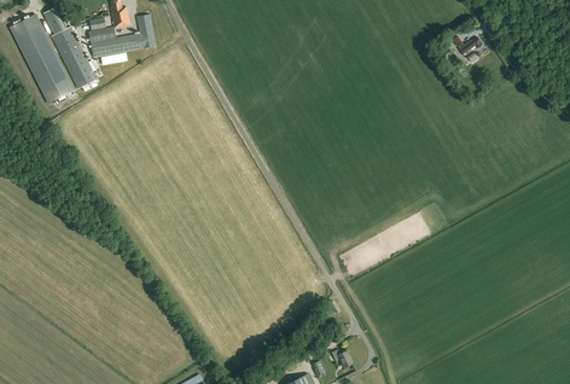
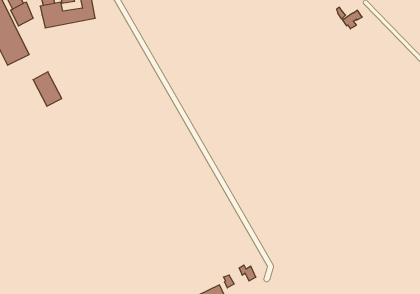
building: [60,45,95,87] -> [33,72,62,106]

